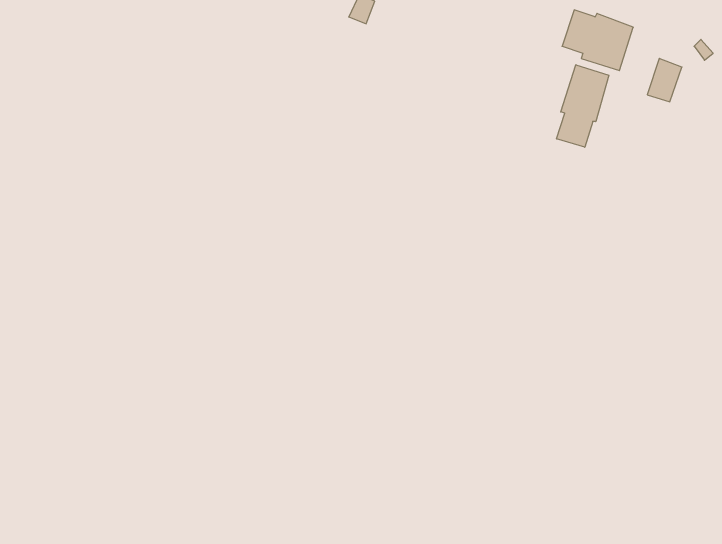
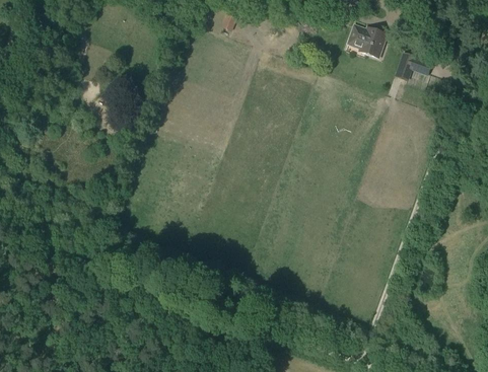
building: [557,65,609,147] -> none

